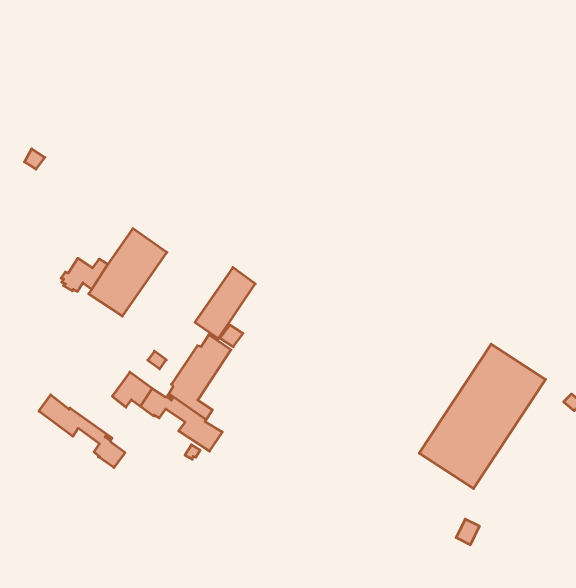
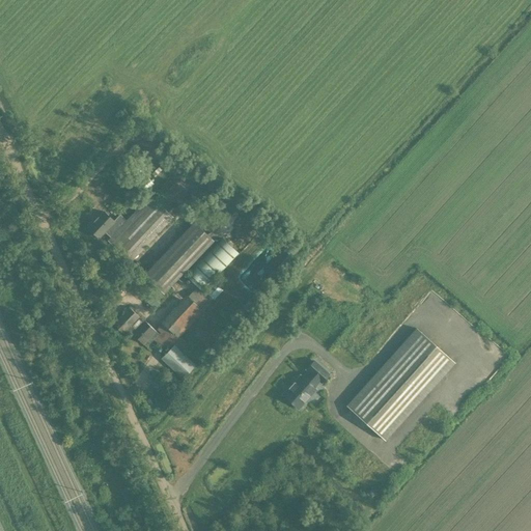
building: none -> [143,223,213,294]
building: [39,395,125,468] -> none
building: none -> [282,361,328,409]

